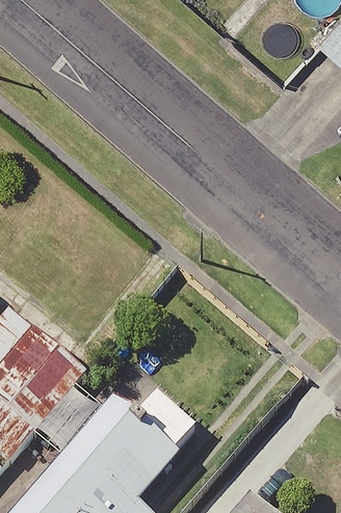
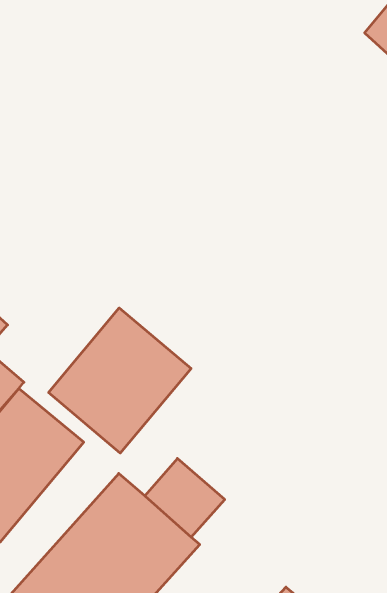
building: none -> [49,308,191,453]

